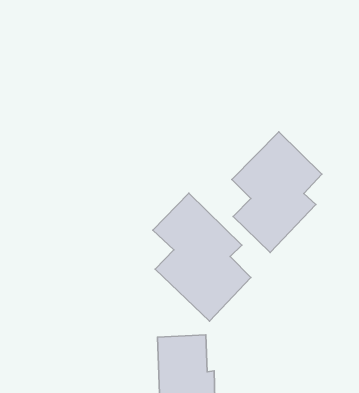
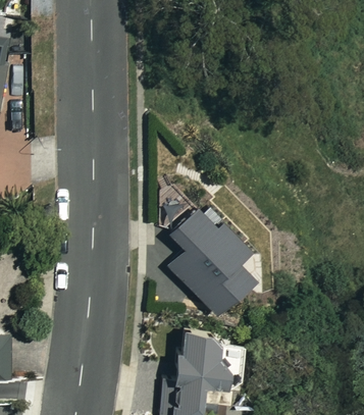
building: [232,132,322,252] -> none

